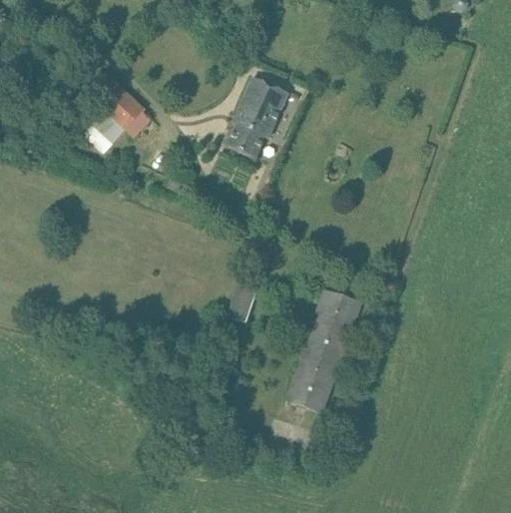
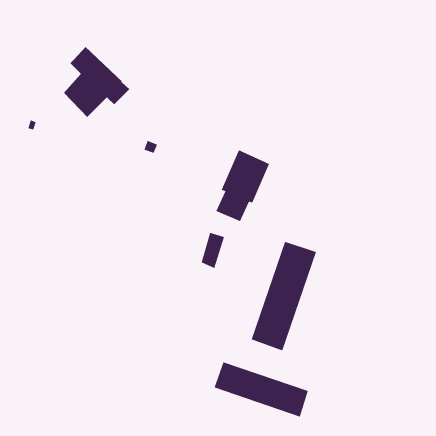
building: [226,76,288,157] -> [215,149,270,222]
building: none -> [214,361,309,417]

